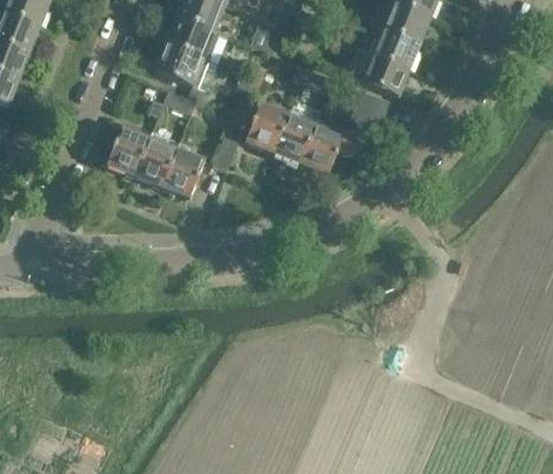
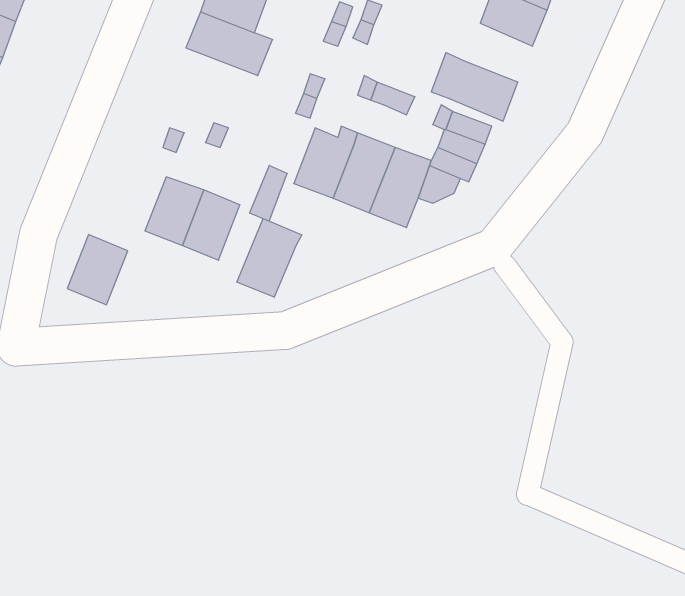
building: [369,26,420,70] -> none
building: [154,44,218,94] -> none
building: [106,127,150,179] -> [67,235,128,305]
building: none -> [237,219,302,297]

